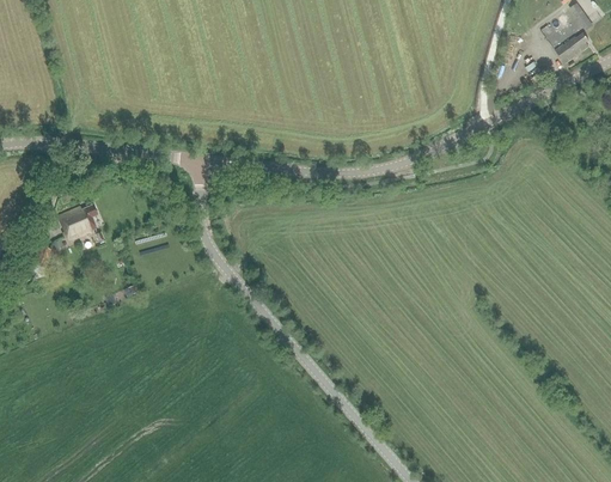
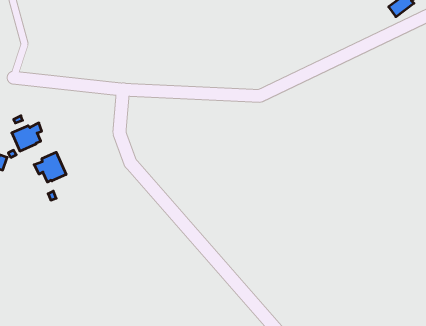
building: none -> [34,152,66,182]

